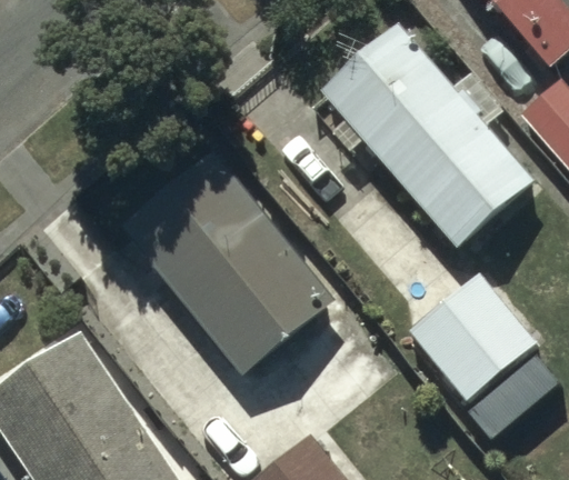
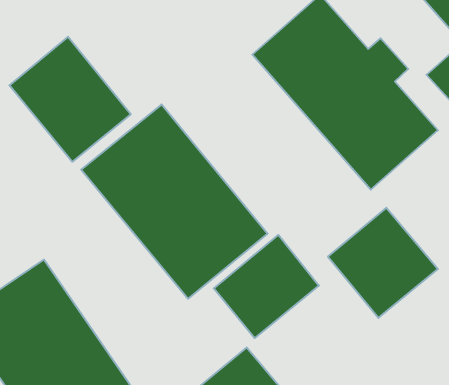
building: none -> [9,37,131,162]
building: none -> [214,235,319,338]

